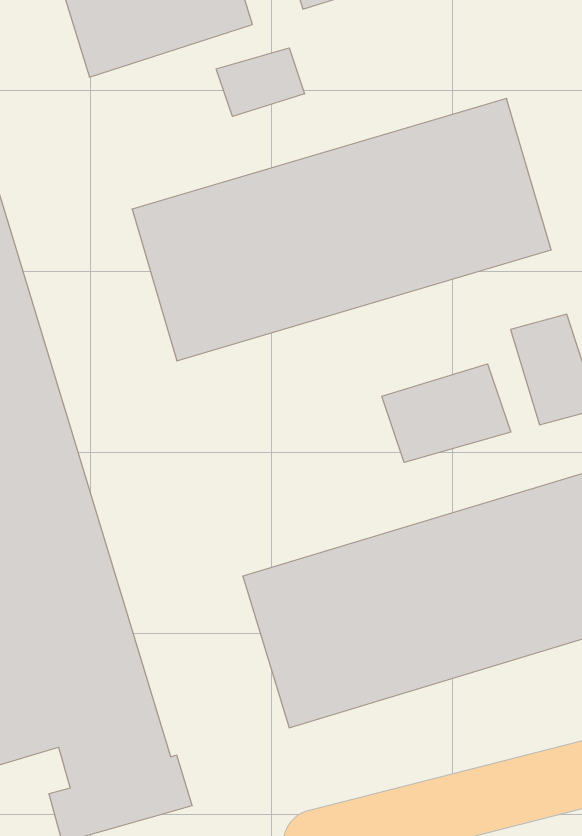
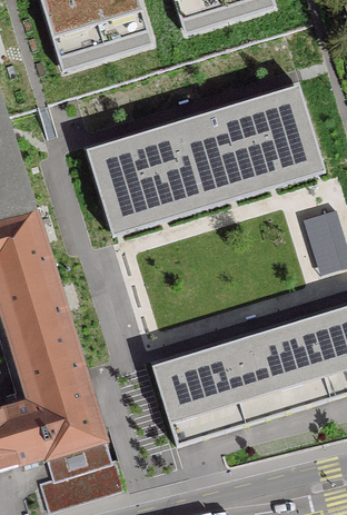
building: [216,48,305,116] -> none
building: [382,364,511,462] -> none

